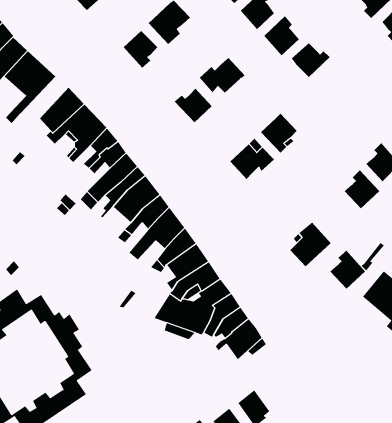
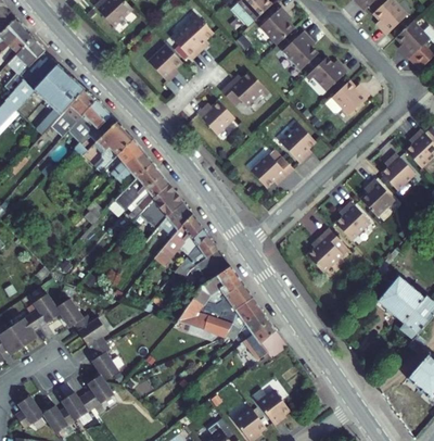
building: none -> [324,80,368,114]
building: none -> [50,89,95,136]
building: [330,250,366,290] -> [334,201,369,239]

